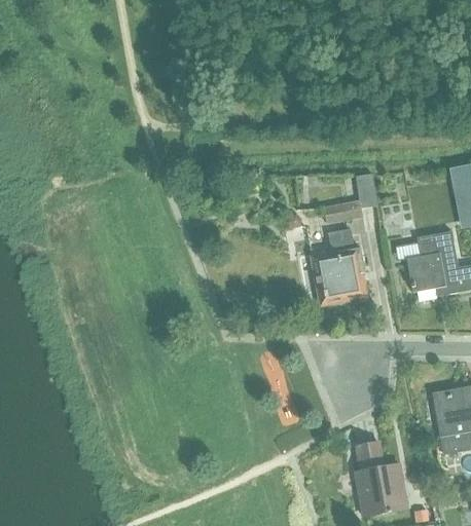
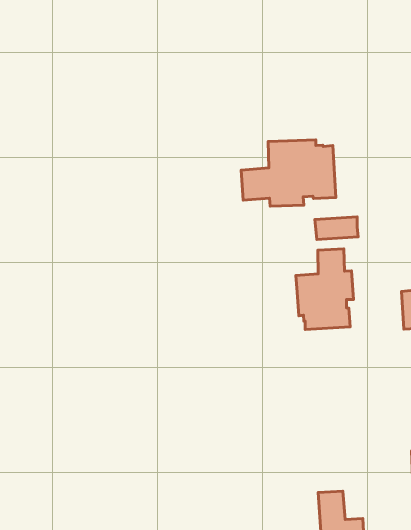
building: none -> [241,140,336,206]
building: [355,174,376,208] -> none

